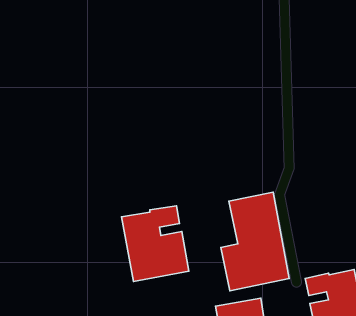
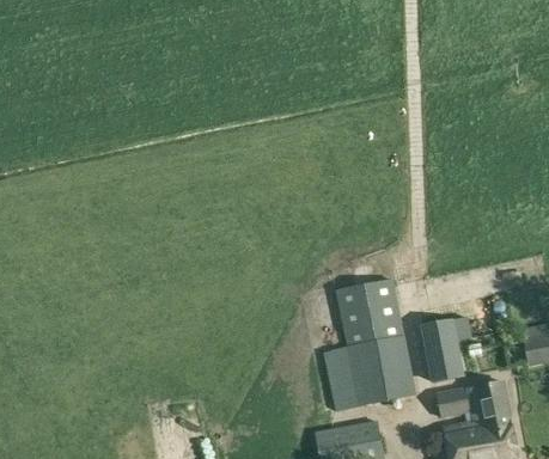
building: [121,206,189,282] -> none
building: none -> [419,318,465,382]

